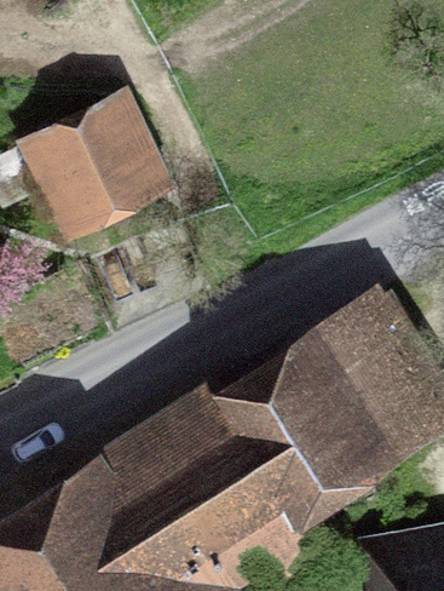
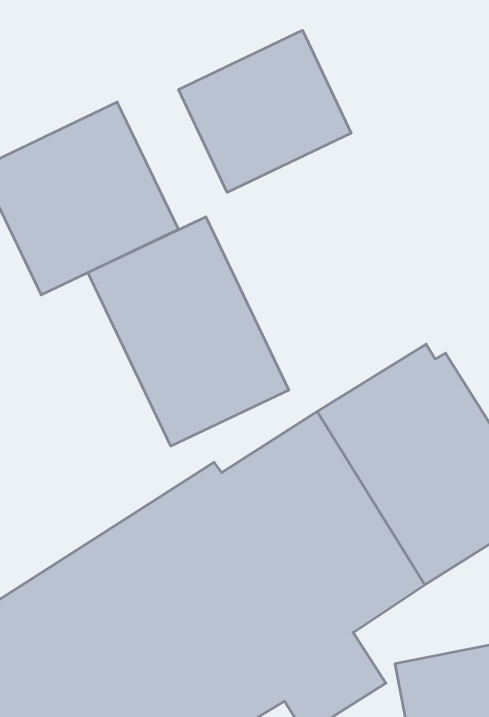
building: none -> [179,30,351,192]
building: none -> [88,217,289,446]

